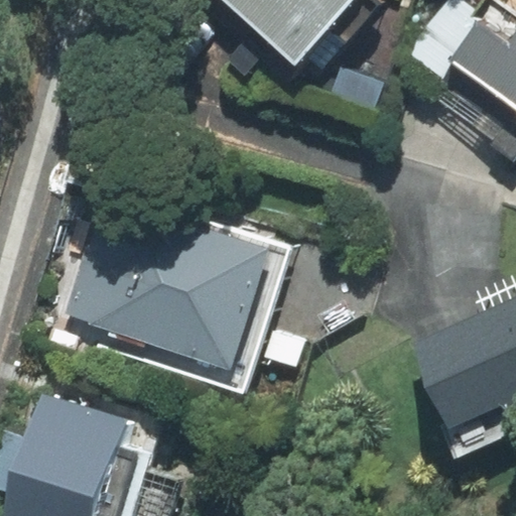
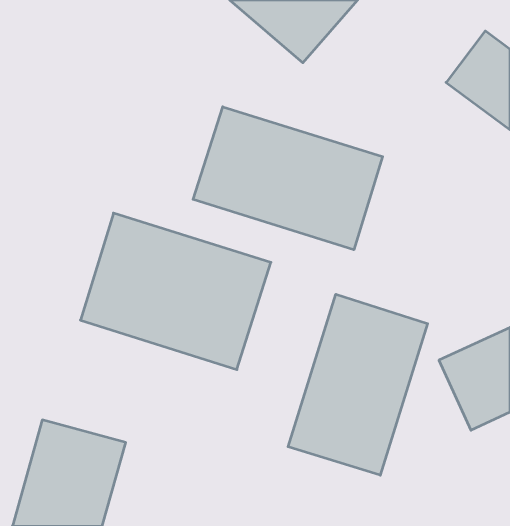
building: none -> [193,107,383,250]
building: none -> [288,294,428,475]

